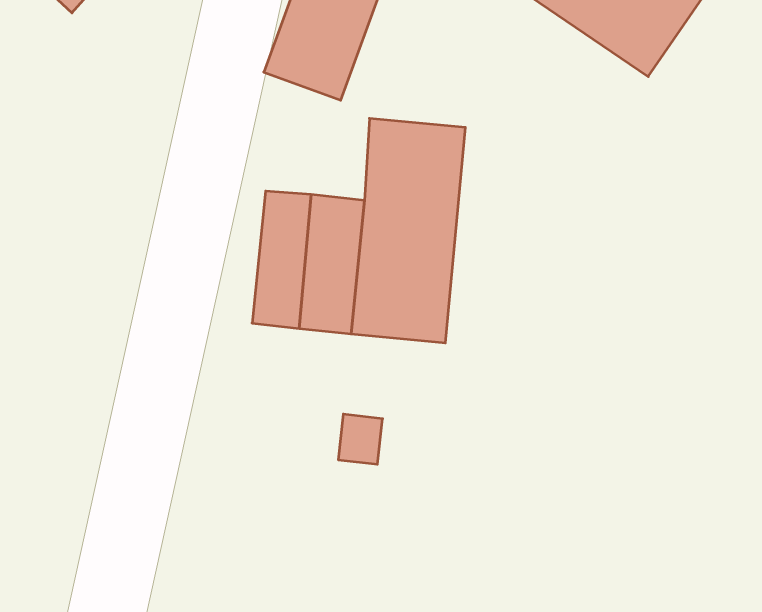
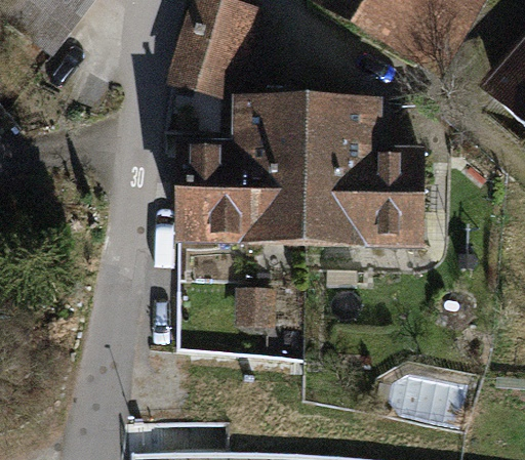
building: none -> [306,97,422,239]

